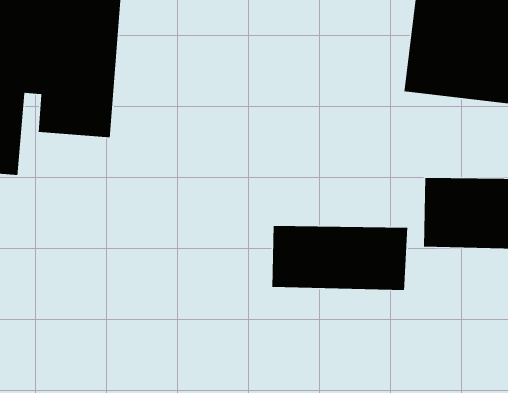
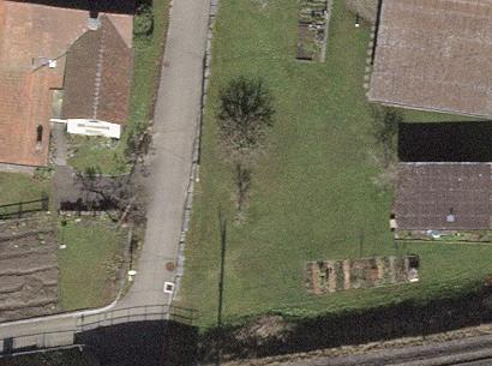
building: [272,225,408,291] -> none

